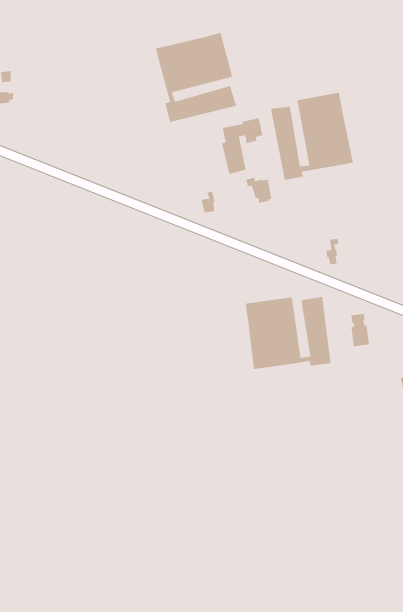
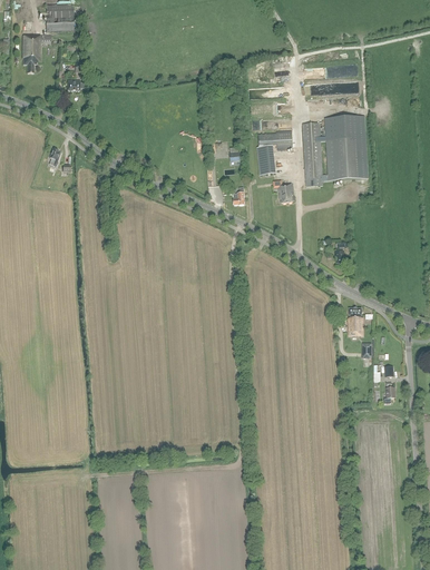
building: [155,32,237,123] -> none
building: [245,296,331,370] -> none

